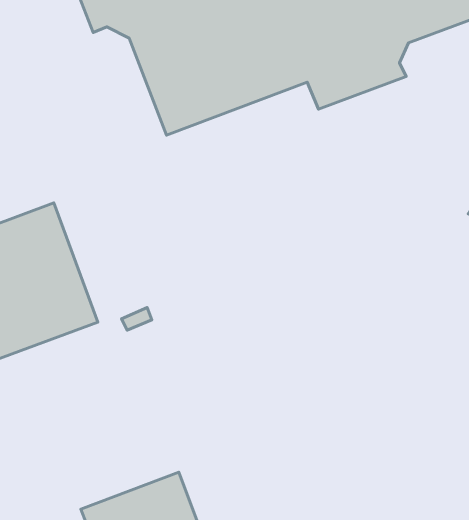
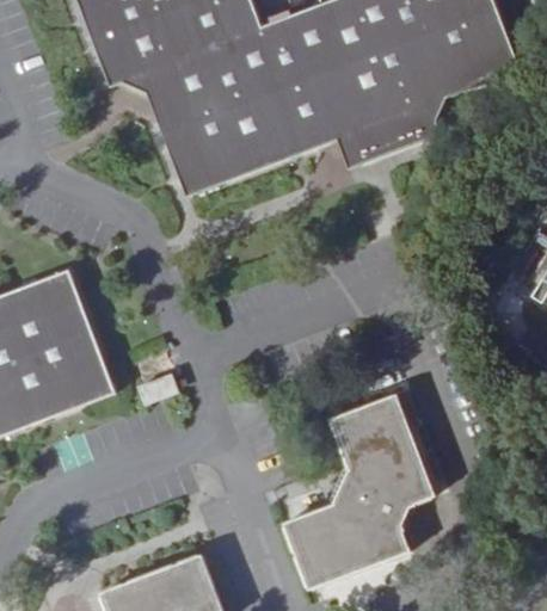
building: none -> [283,391,435,588]

